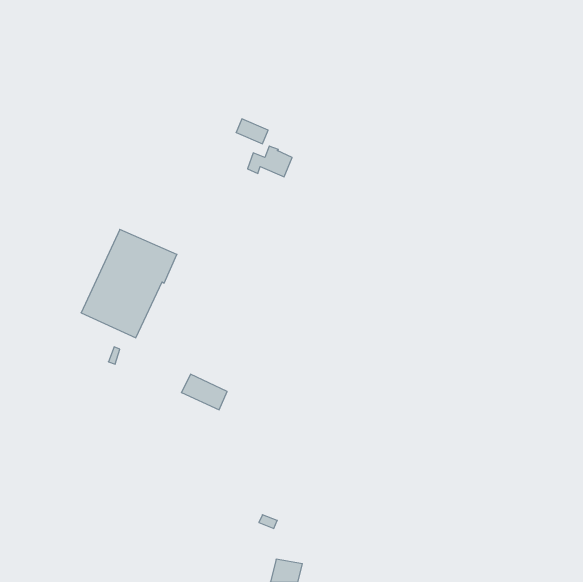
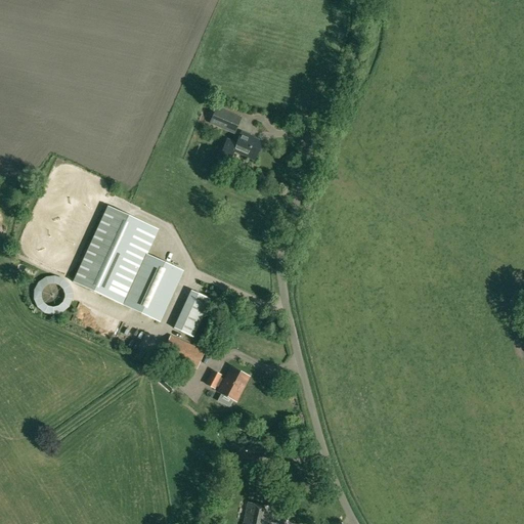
building: none -> [122,253,183,320]
building: none -> [174,291,211,337]
building: none -> [206,366,249,399]

